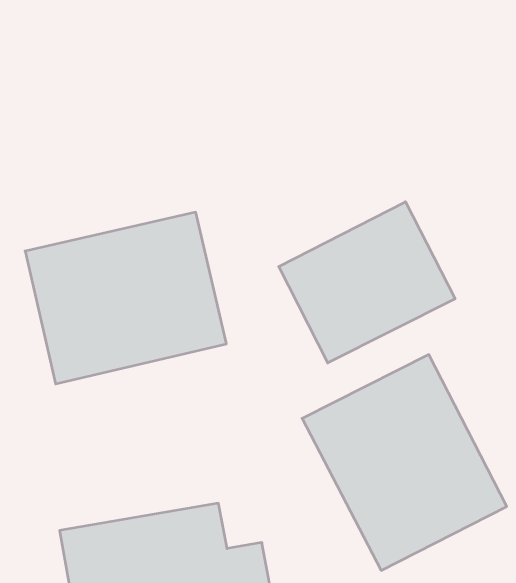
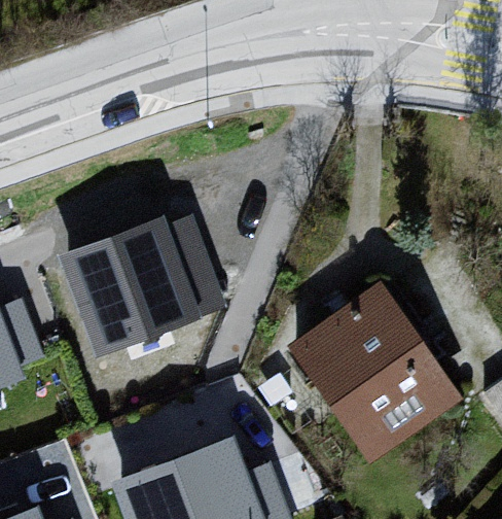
building: [279,202,455,363] -> none

